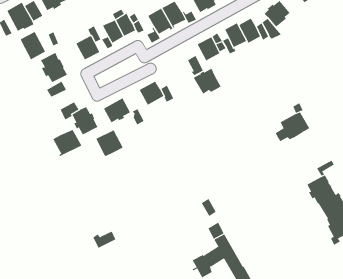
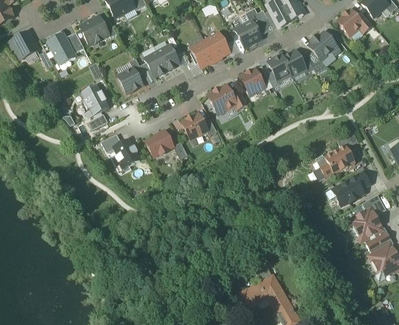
building: [20,31,46,60] -> none
building: [193,68,222,95] -> [207,85,236,112]
building: [53,129,82,157] -> none
building: [96,129,123,157] -> none
building: none -> [334,172,369,205]

